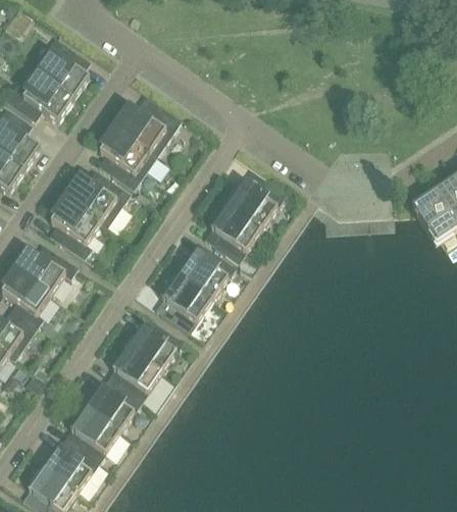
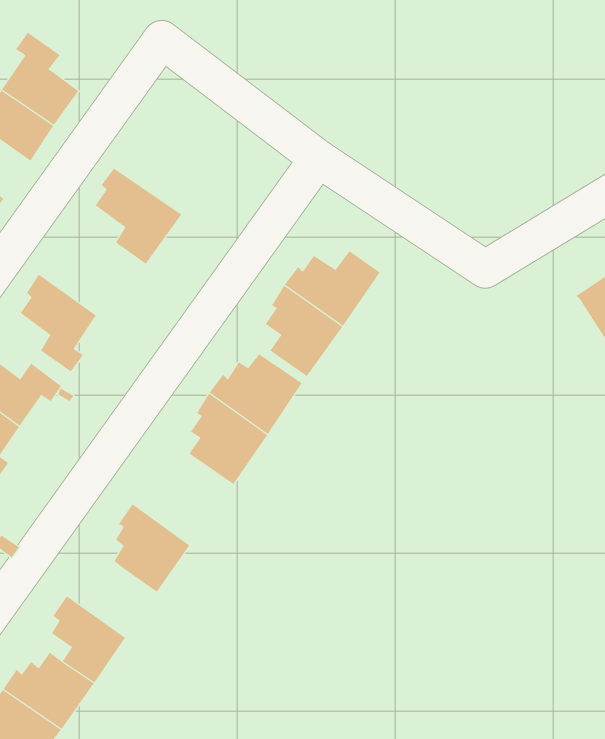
building: [111,103,181,155] -> none
building: [62,173,130,225] -> none
building: [123,320,183,371] -> none
building: [81,386,140,431] -> none

